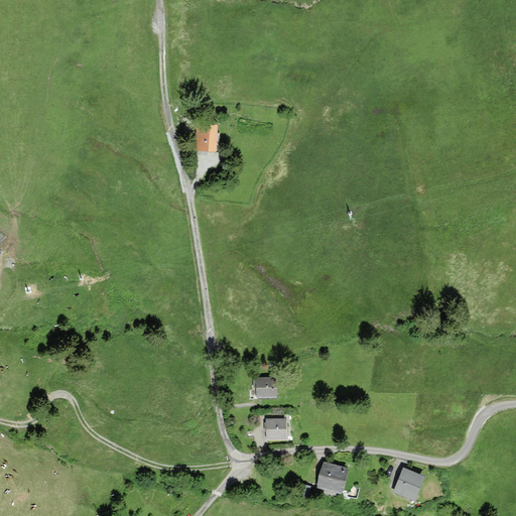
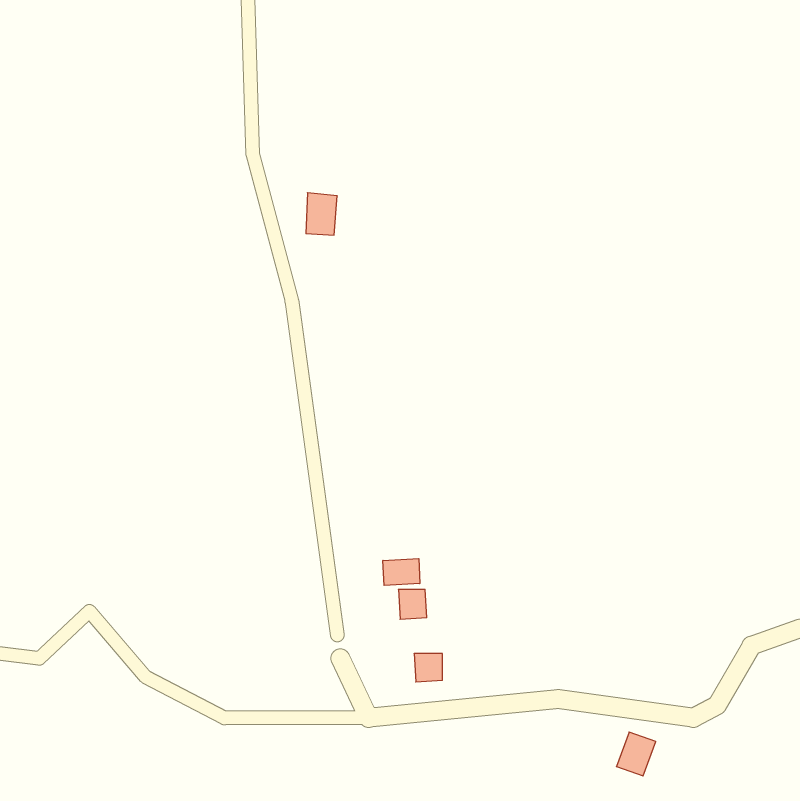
building: none -> [383,559,420,585]
building: [318,464,345,492] -> none

